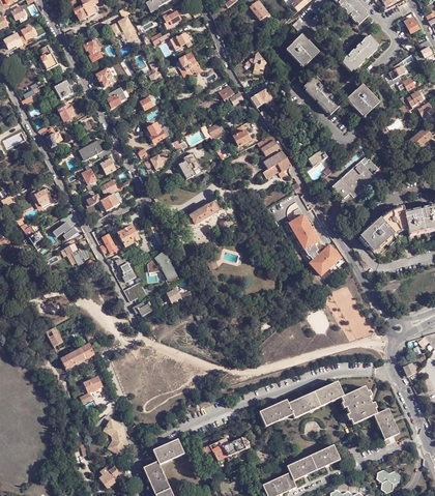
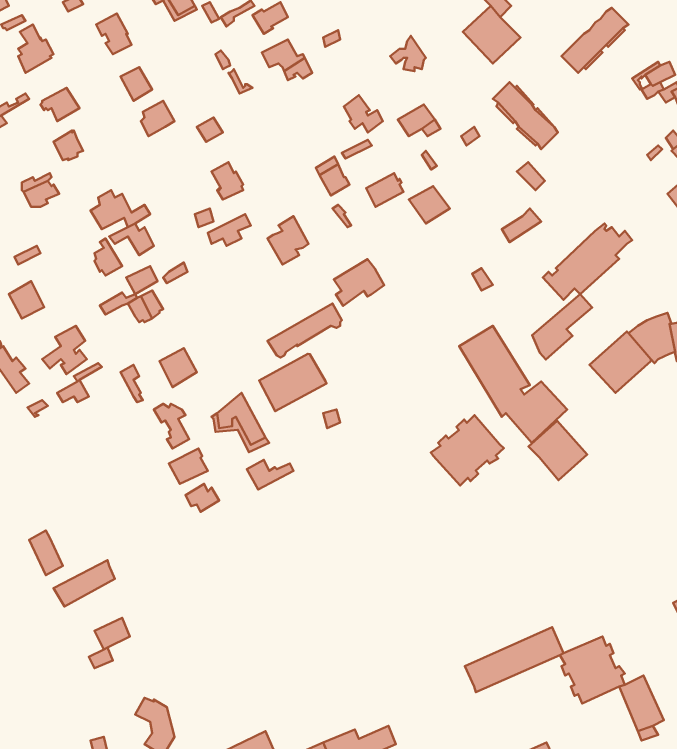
building: [347,85,379,117] -> none
building: [263,151,291,177] -> [334,259,384,306]
building: none -> [532,294,592,360]
building: none -> [259,354,327,411]
building: none -> [431,415,504,485]
building: none -> [529,421,587,480]
building: [259,400,293,427] -> none

